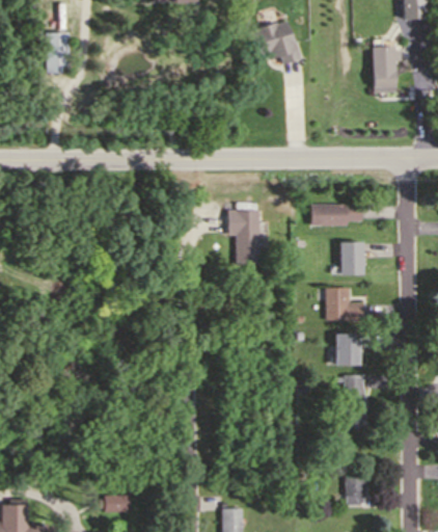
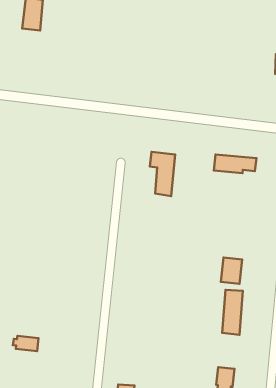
building: [249,17,299,58] -> none
building: [340,240,363,274] -> none
building: [325,287,362,321] -> none
building: [99,495,130,511] -> [13,336,39,351]

